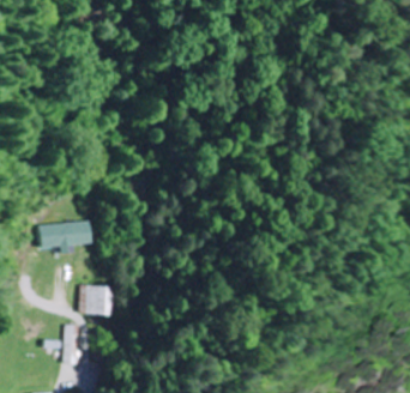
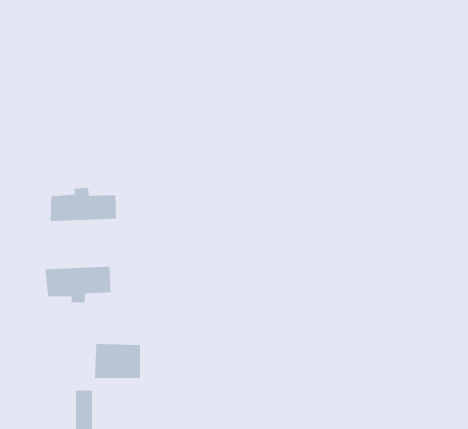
building: none -> [50,187,117,222]

